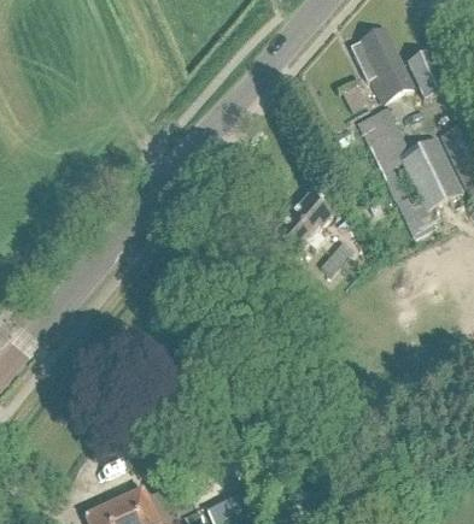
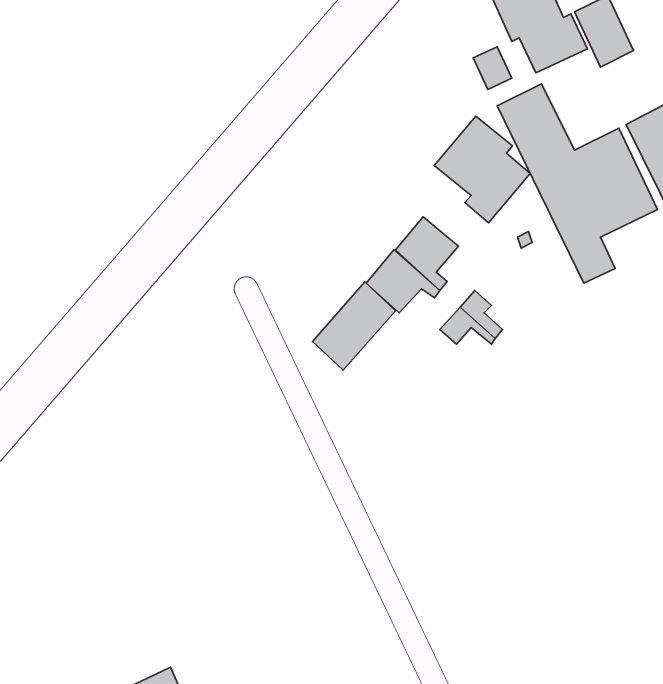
building: none -> [434,116,530,223]
building: none -> [312,282,395,370]

